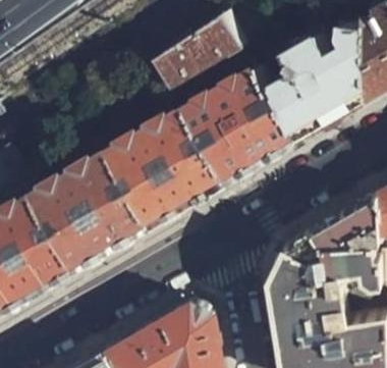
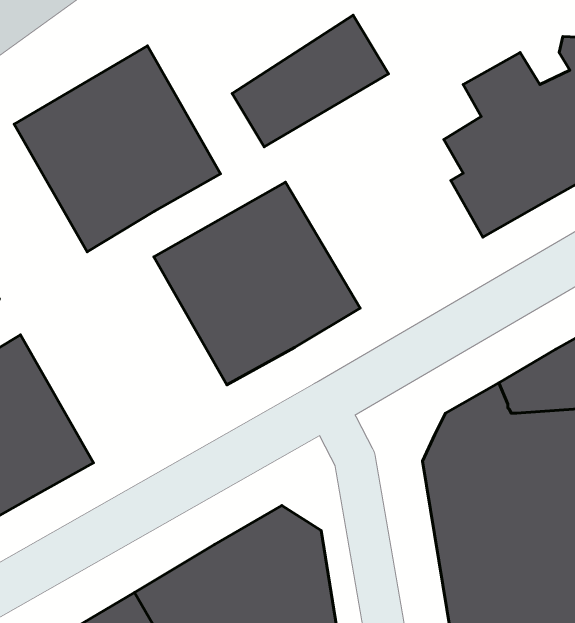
building: [184,67,297,180] -> none
building: [33,151,151,269] -> [14,46,220,252]

